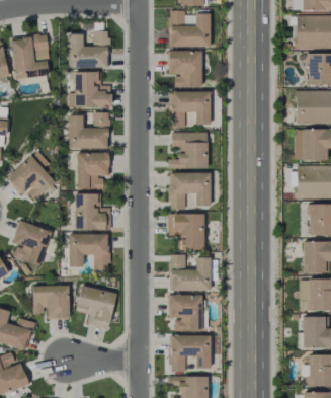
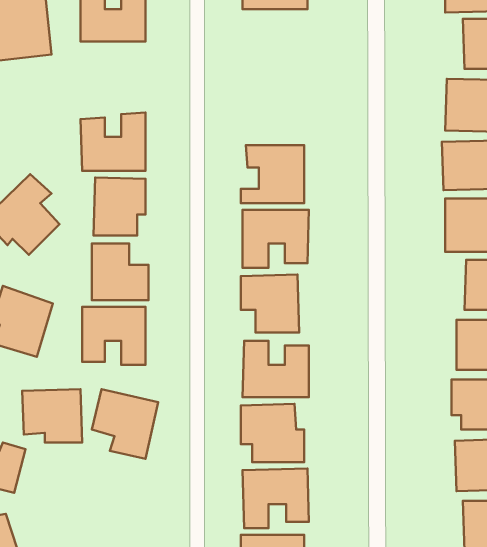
building: [168,50,201,87] -> none
building: [74,71,111,107] -> none
building: [169,91,210,128] -> none

